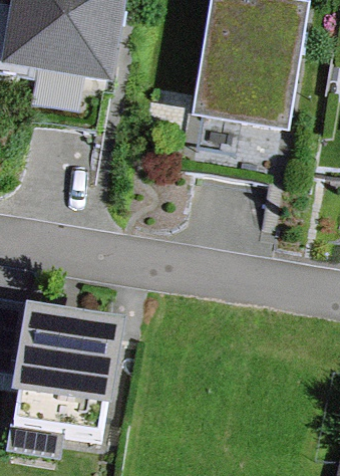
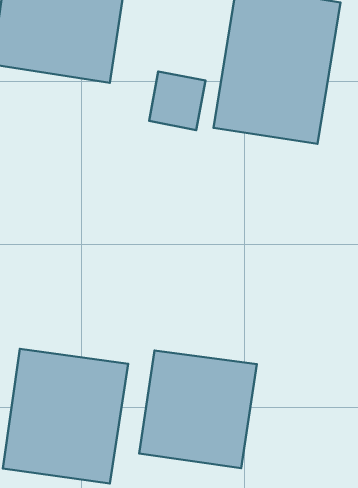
building: none -> [139,351,257,468]

